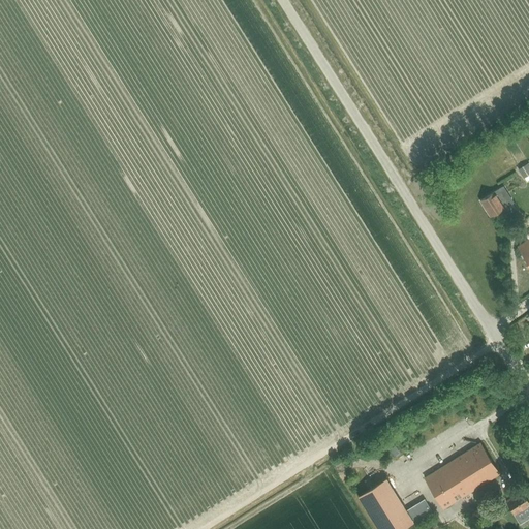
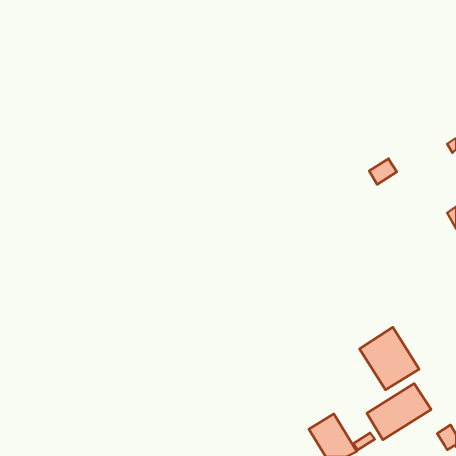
building: [480,187,512,217] -> [369,158,397,184]
building: none -> [360,327,419,390]

